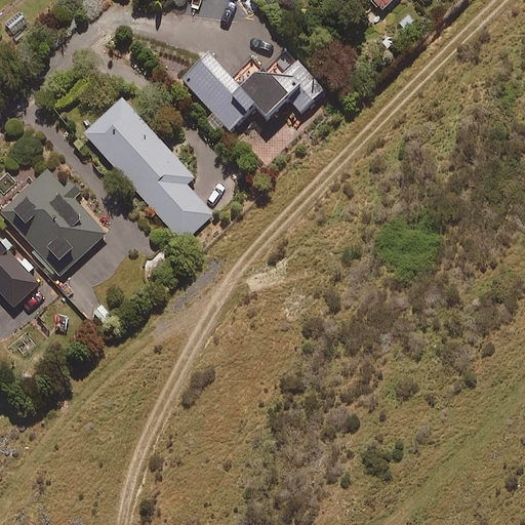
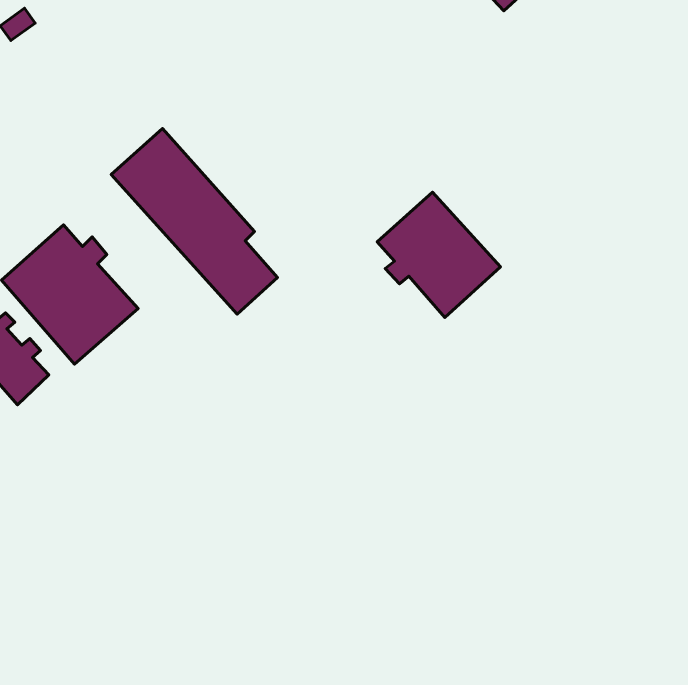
building: [183,48,323,130] -> none
building: none -> [377,192,501,317]

